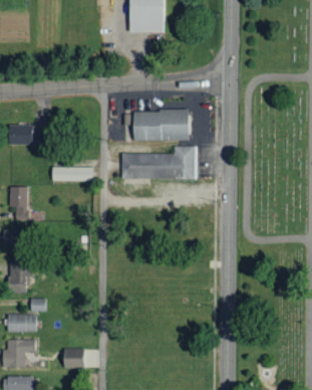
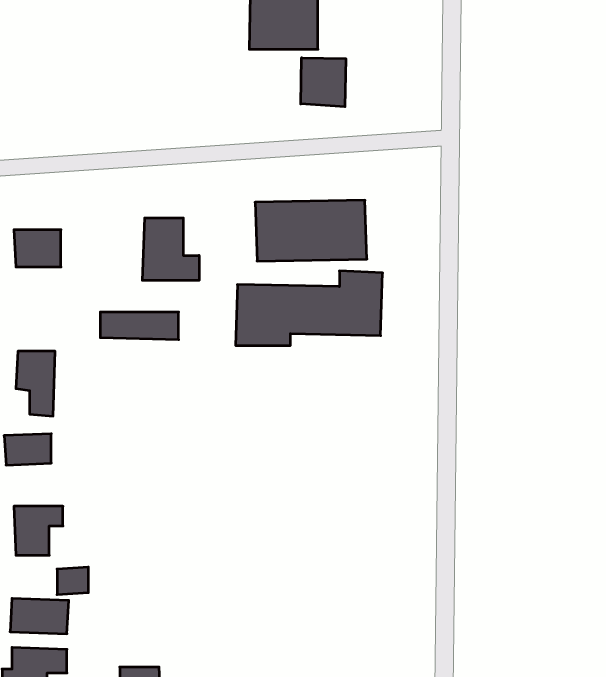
building: none -> [301,58,346,107]
building: none -> [142,218,199,280]

